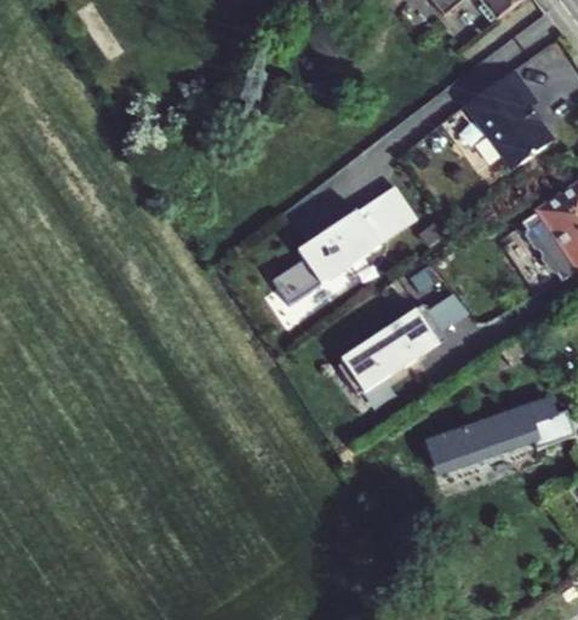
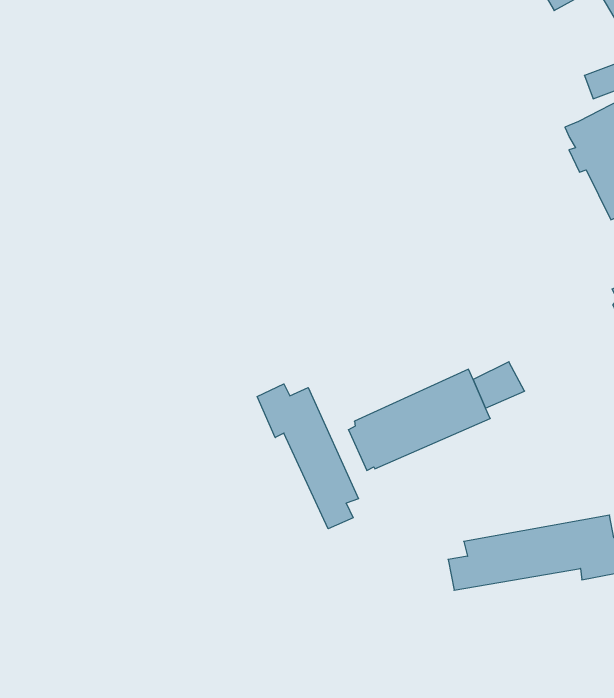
building: [274,184,419,305] -> none
building: none -> [257,384,358,529]

